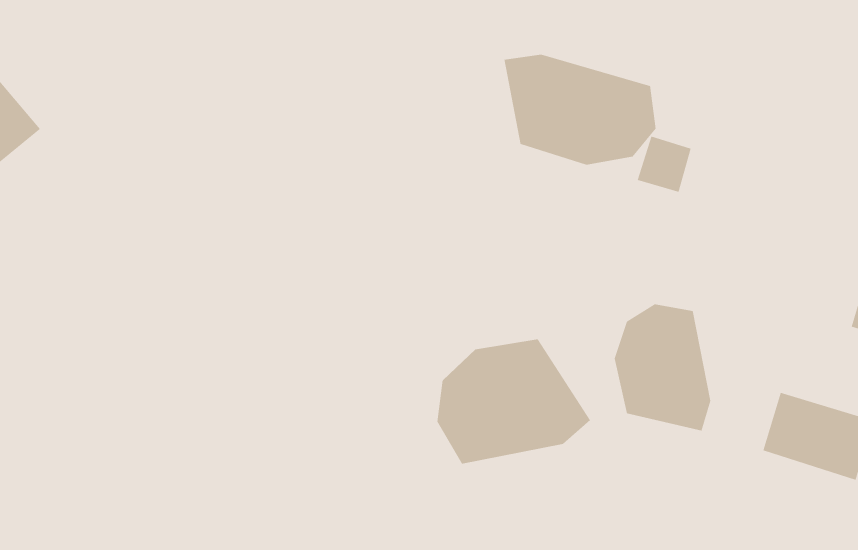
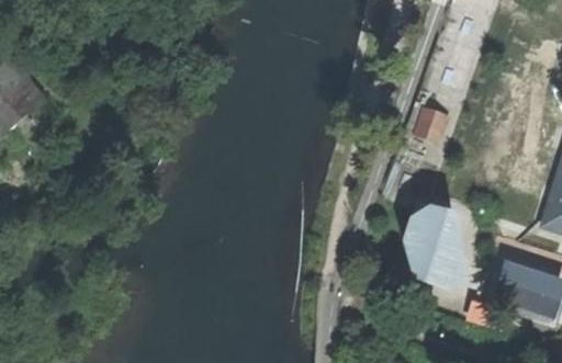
building: [504,54,656,166] -> none
building: [437,339,591,464] -> none

